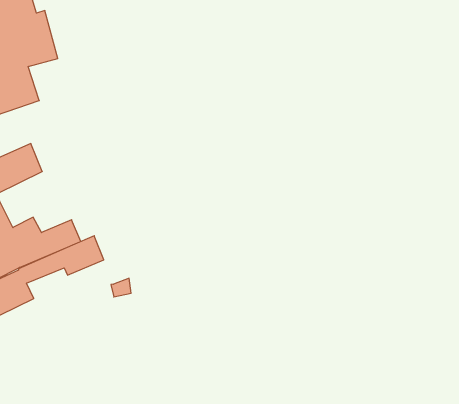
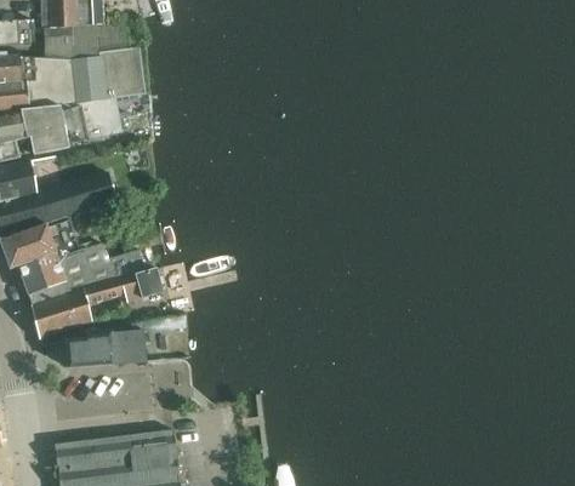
building: none -> [63,321,144,368]

